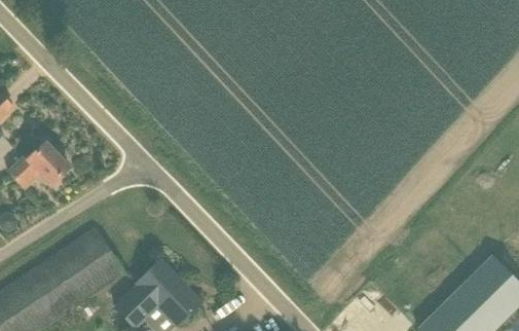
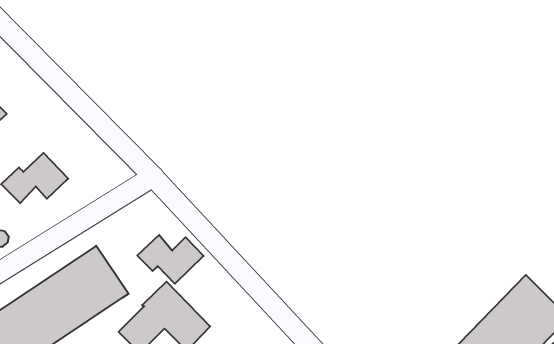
building: none -> [137,235,204,284]

